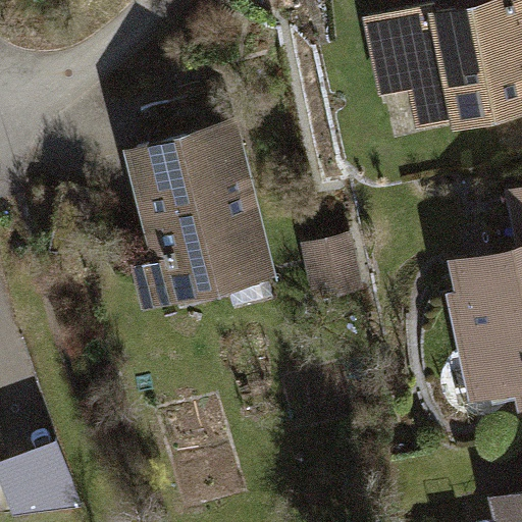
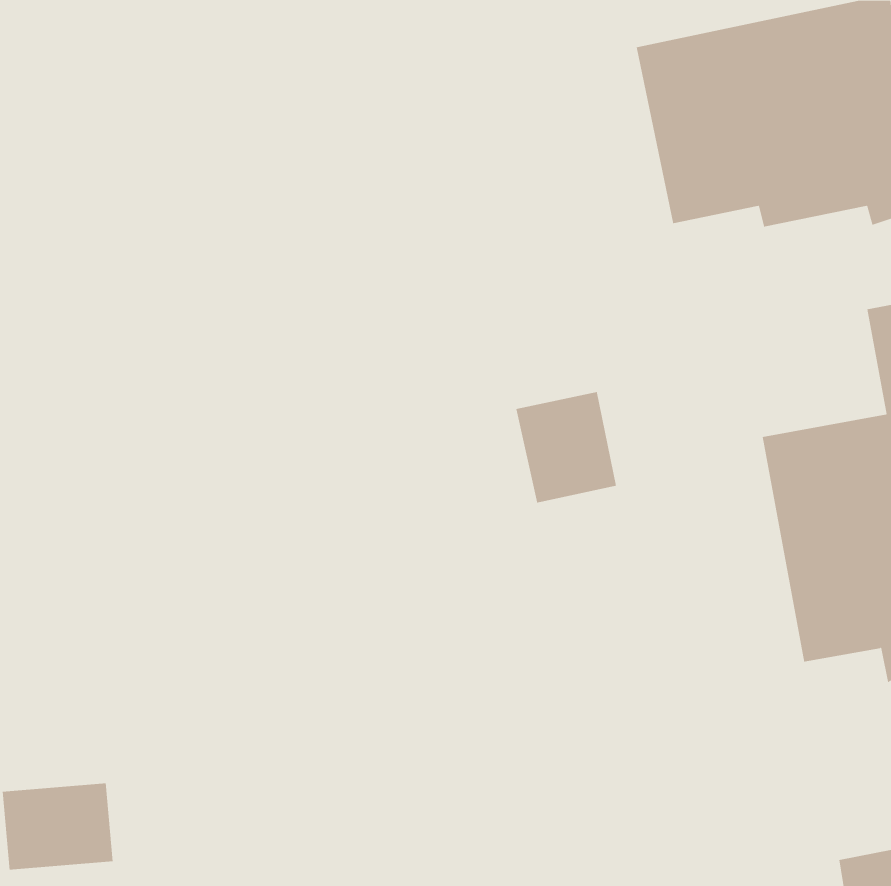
building: [124,115,273,306] -> none

